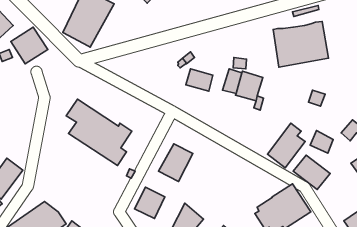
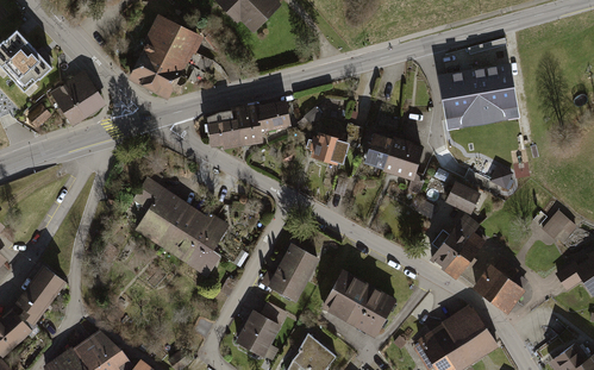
building: none -> [207,99,290,148]
building: [310,131,333,153] -> [446,181,481,214]
building: none -> [321,270,396,337]

